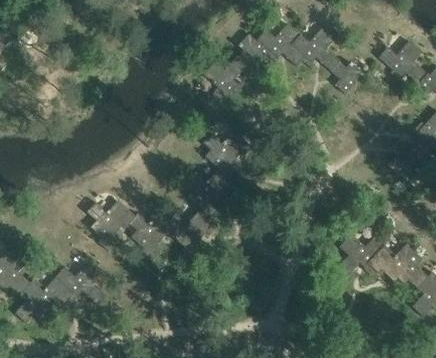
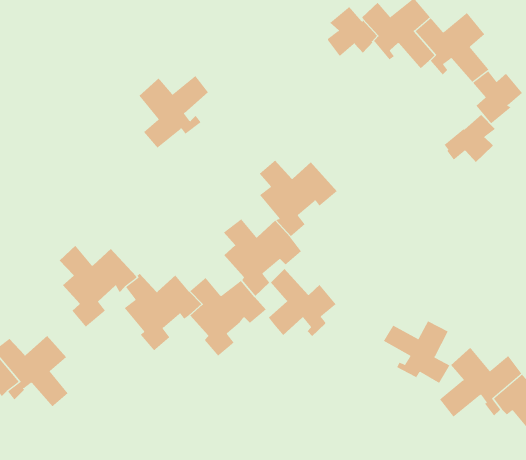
building: [203,54,246,103] -> [138,74,209,149]
building: none -> [444,114,496,163]
building: none -> [268,268,336,337]
building: none -> [383,321,450,384]

